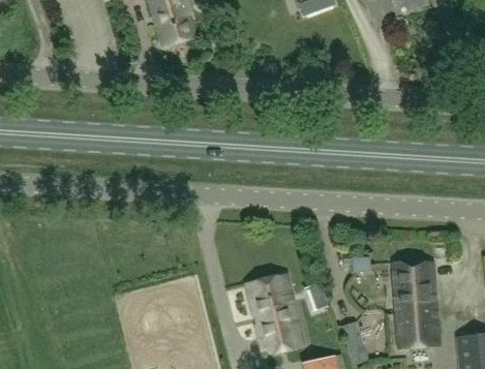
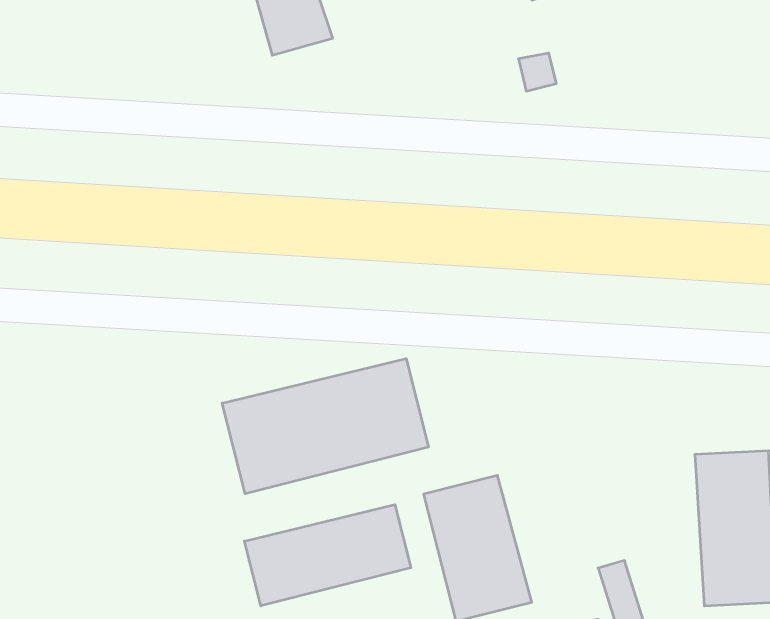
building: none -> [222,359,428,494]
building: none -> [244,505,411,606]

